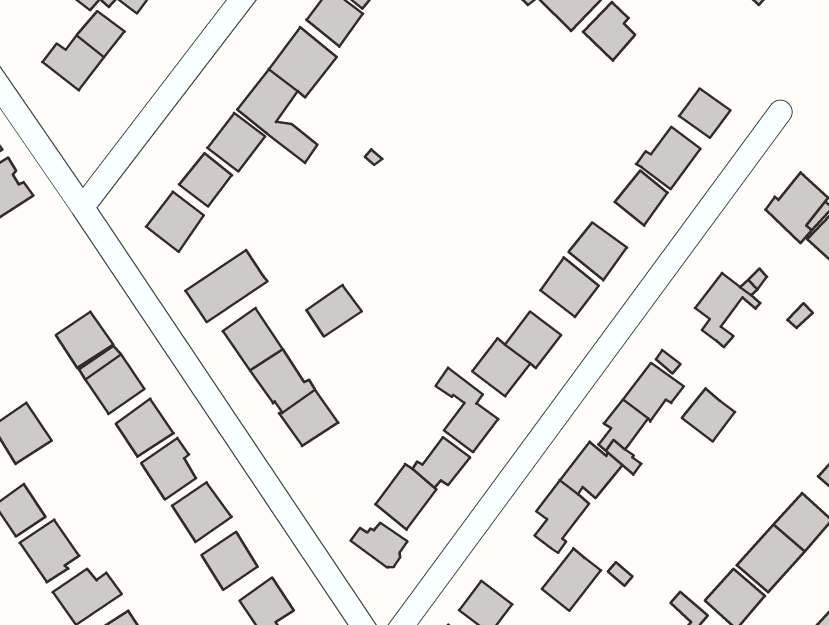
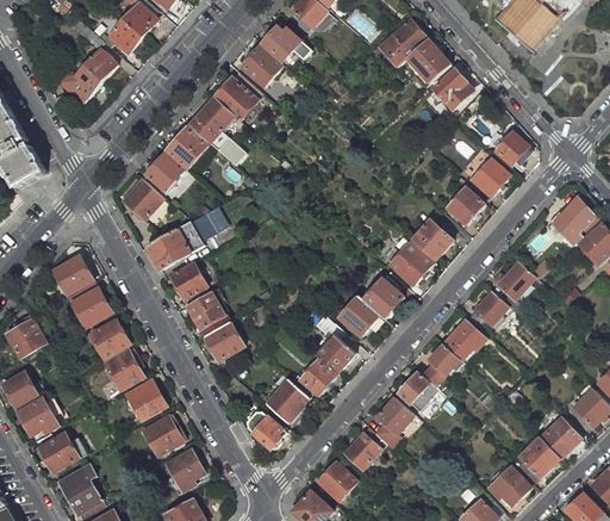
building: [306,285,362,336] -> [189,206,228,241]
building: [682,388,735,441] -> [473,291,510,328]
building: [542,548,601,611] -> [343,427,385,470]

